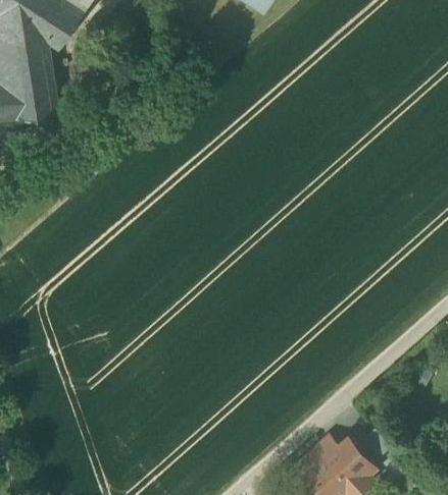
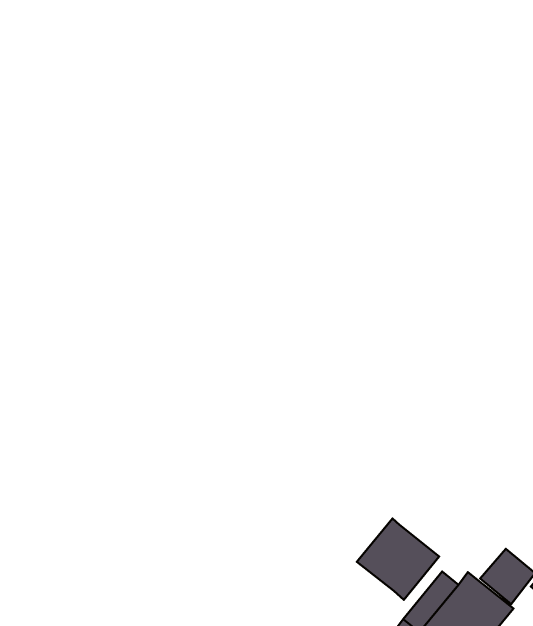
building: none -> [357,519,439,600]

